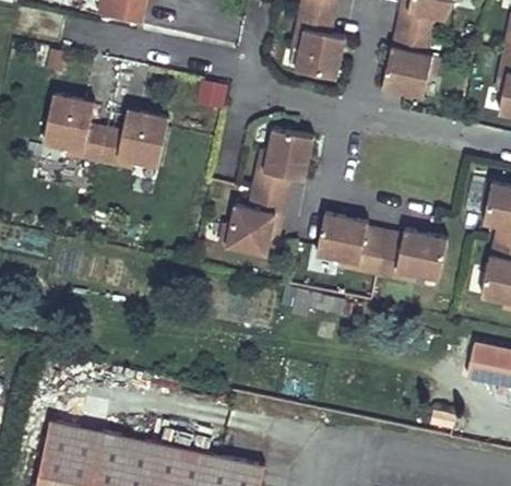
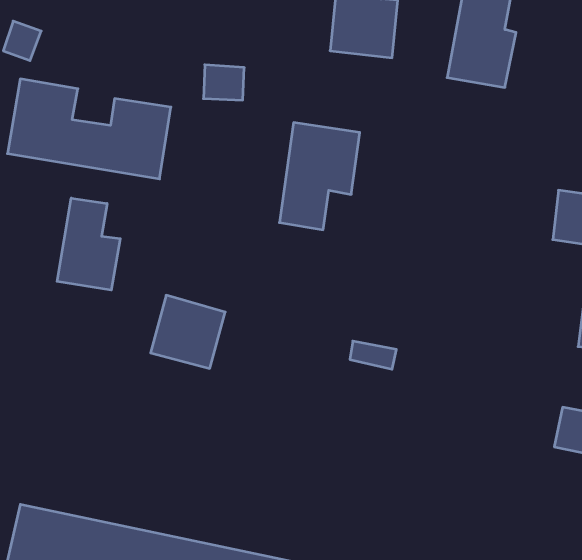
building: none -> [57,198,120,290]
building: [222,200,280,257] -> [151,295,225,368]
building: [316,210,449,288] -> none

